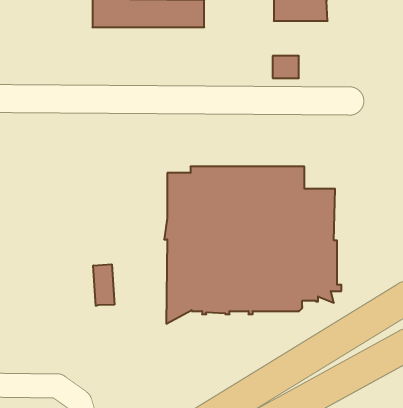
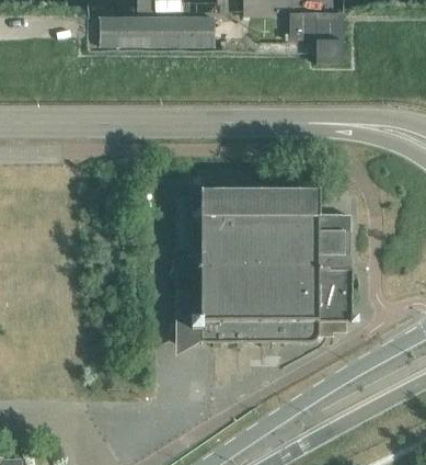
building: [273,56,299,78] -> [316,38,344,61]
building: [93,264,114,306] -> none

